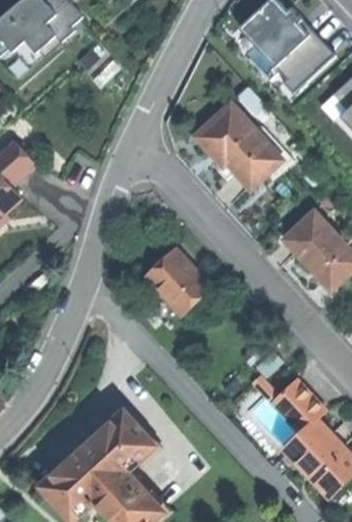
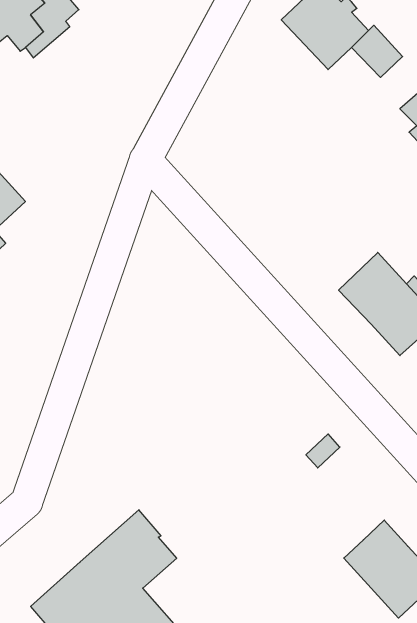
building: [273,48,314,92] -> none
building: [194,106,283,188] -> none
building: [145,246,212,314] -> none
building: [254,374,326,432] -> none

